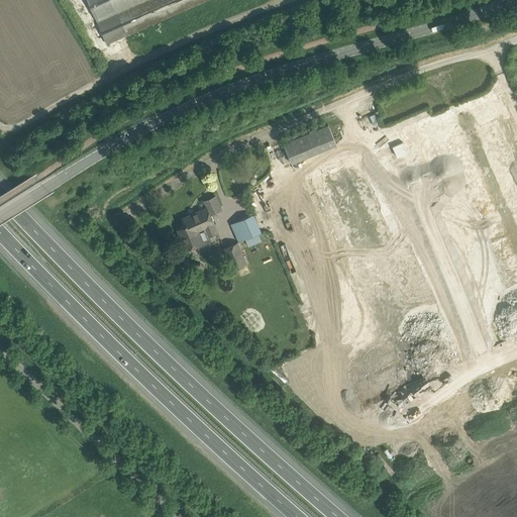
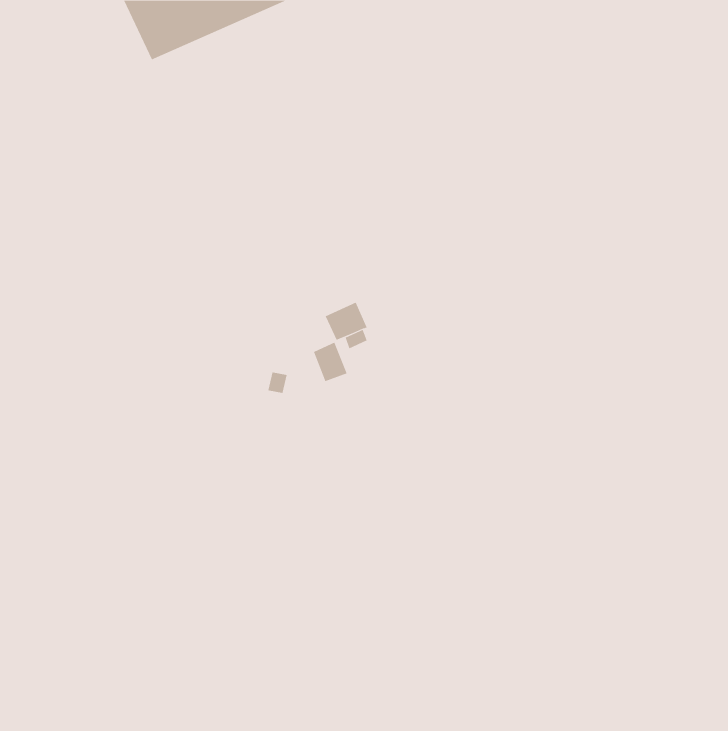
building: [282,124,334,163] -> none
building: [177,207,215,249] -> none

